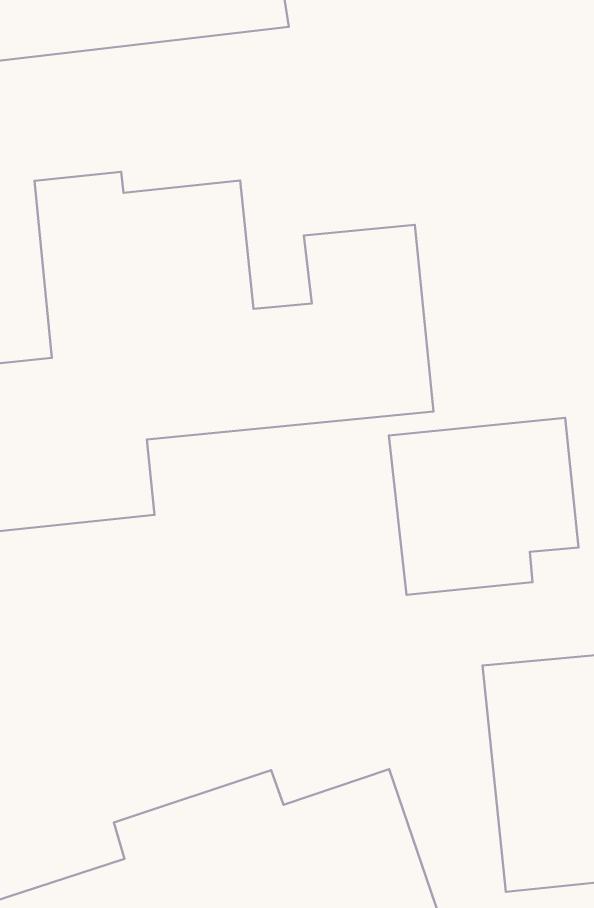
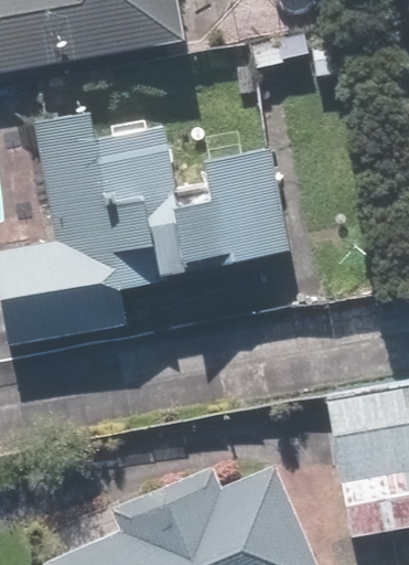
building: [389,418,578,595] -> none

